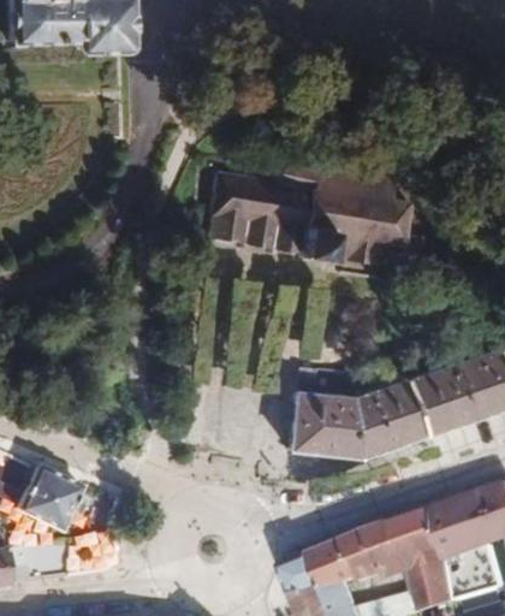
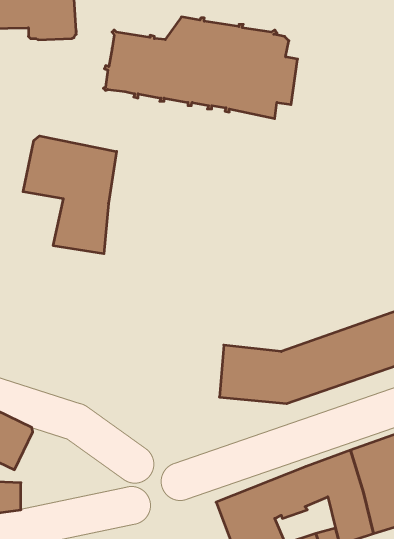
building: [203,156,418,270] -> [103,17,298,119]
building: none -> [23,136,117,254]

